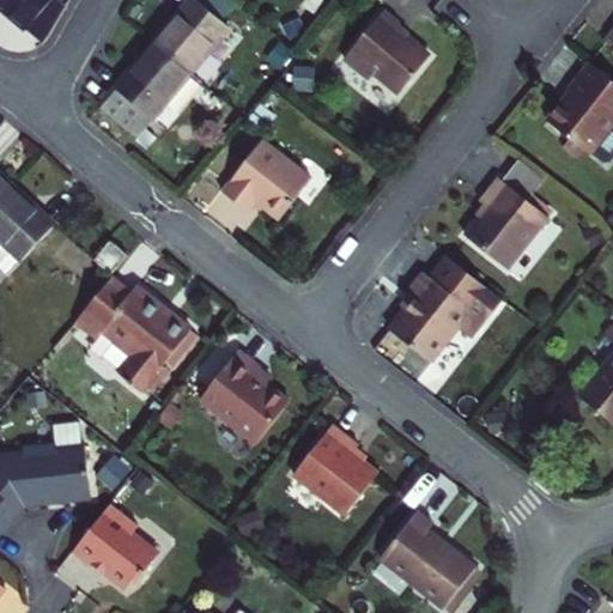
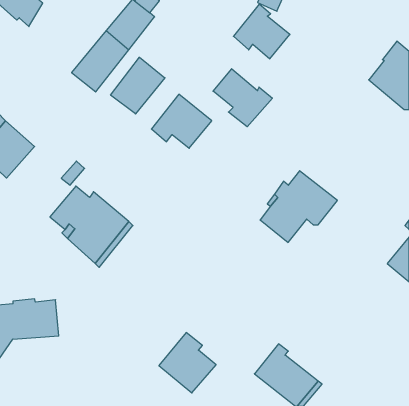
building: none -> [111,57,165,114]
building: none -> [213,69,272,127]
building: [465,176,547,266] -> none
building: [198,348,286,441] -> none
building: [293,423,378,512] -> [159,333,216,393]
building: [68,503,154,588] -> none

